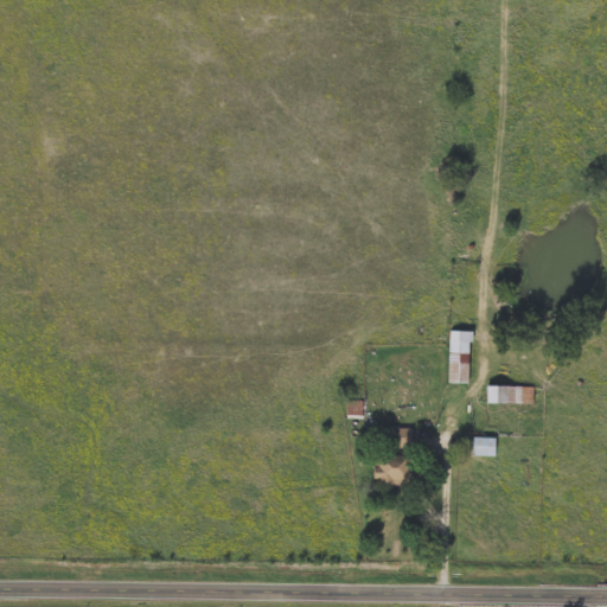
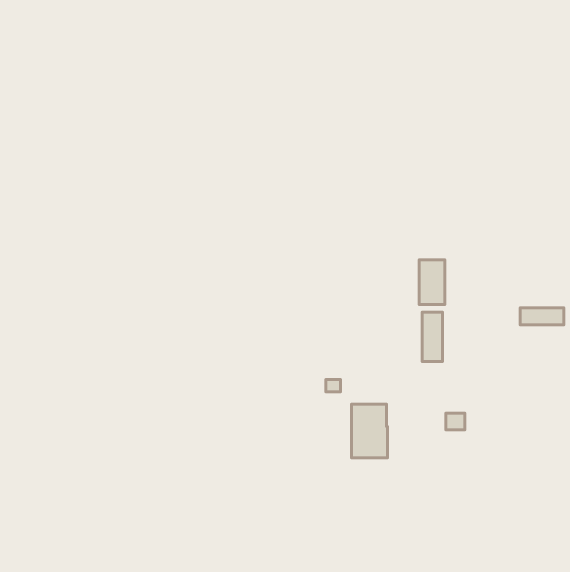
building: none -> [419,260,445,304]
building: [487,385,533,403] -> [520,308,564,325]

